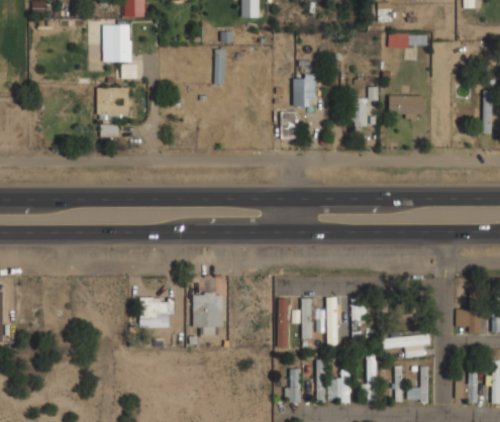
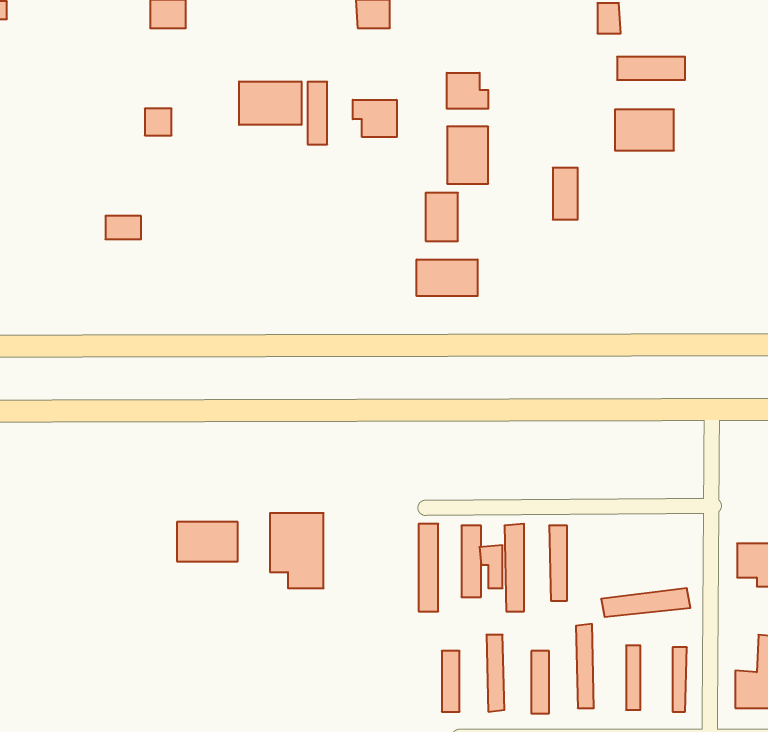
building: [103,23,132,62] -> none
building: none -> [447,73,488,109]
building: none -> [239,81,301,125]
building: none -> [353,100,397,137]
building: [97,88,131,119] -> none
building: [390,95,423,118] -> [615,109,674,151]
building: none -> [417,259,478,296]

